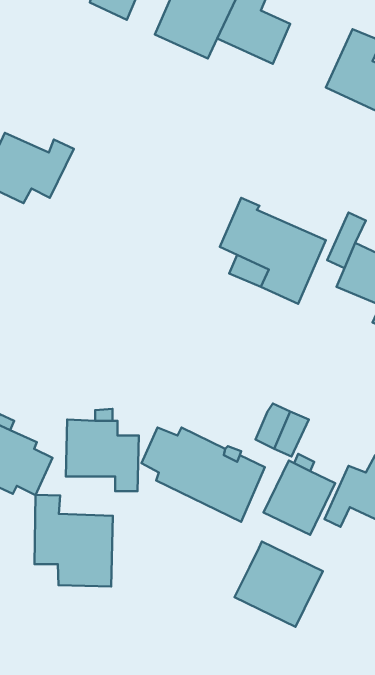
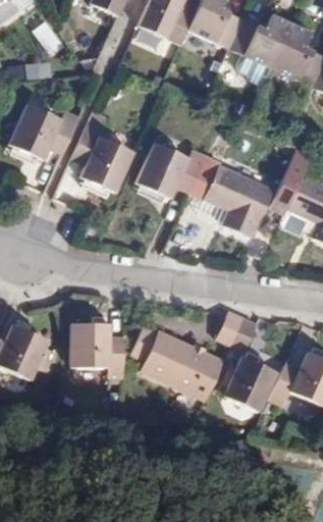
building: none -> [230,14,291,68]
building: none -> [68,119,129,191]
building: none -> [142,144,206,198]
building: [35,495,113,587] -> none
building: [235,542,323,627] -> none

